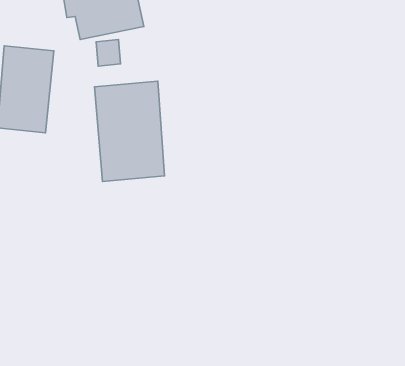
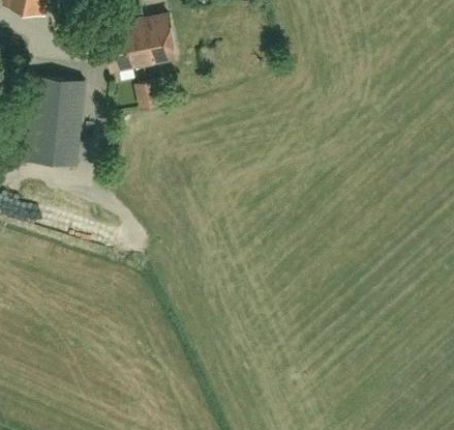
building: [95,81,165,181] -> none

